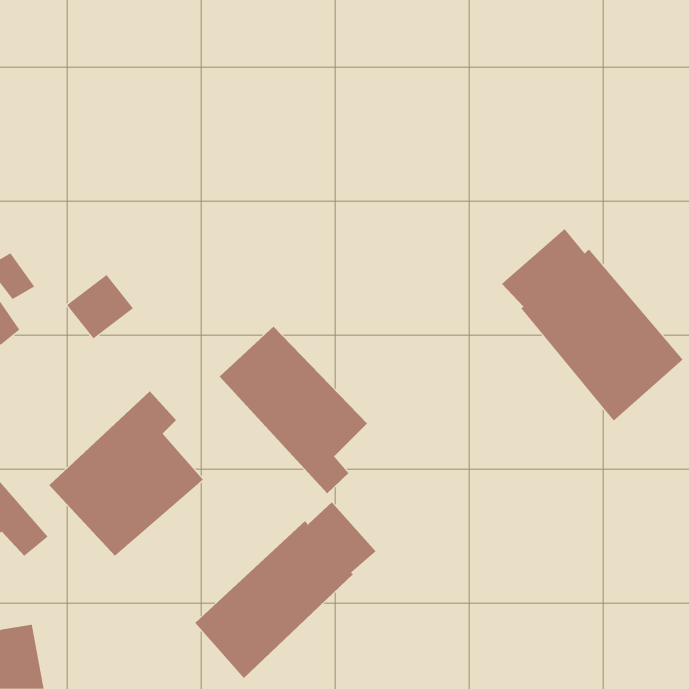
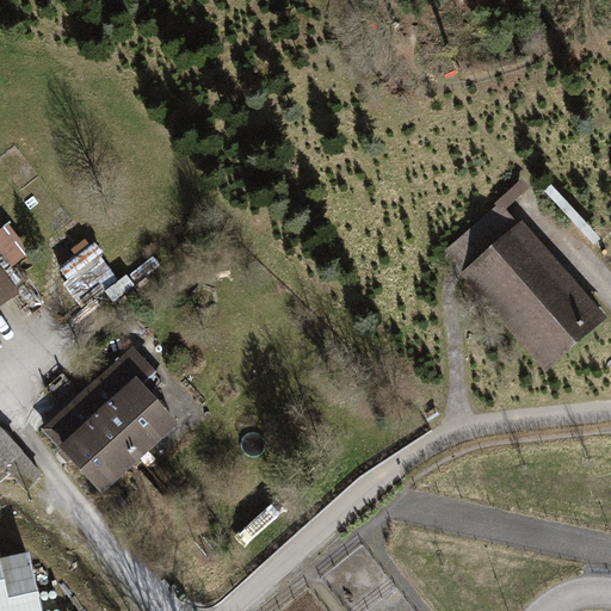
building: [219,326,368,494] -> none
building: [194,502,377,679] -> none

